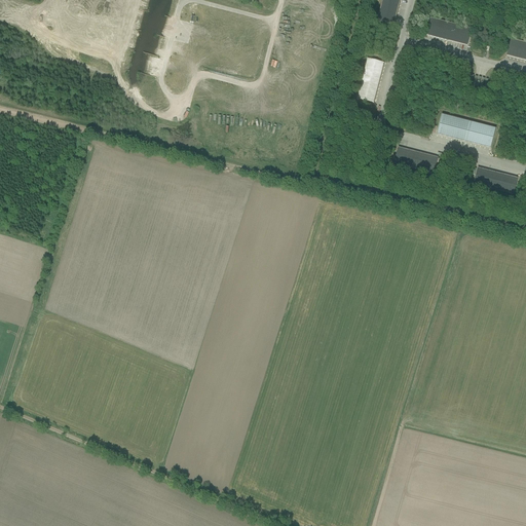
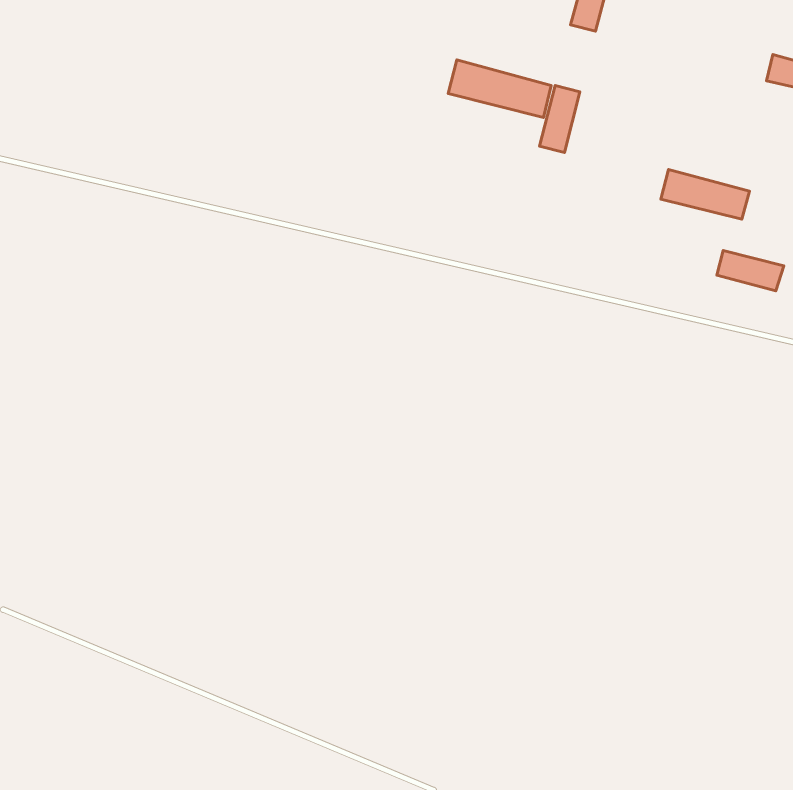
building: [428,16,472,43] -> none
building: none -> [448,60,551,117]
building: [394,145,439,172] -> none

